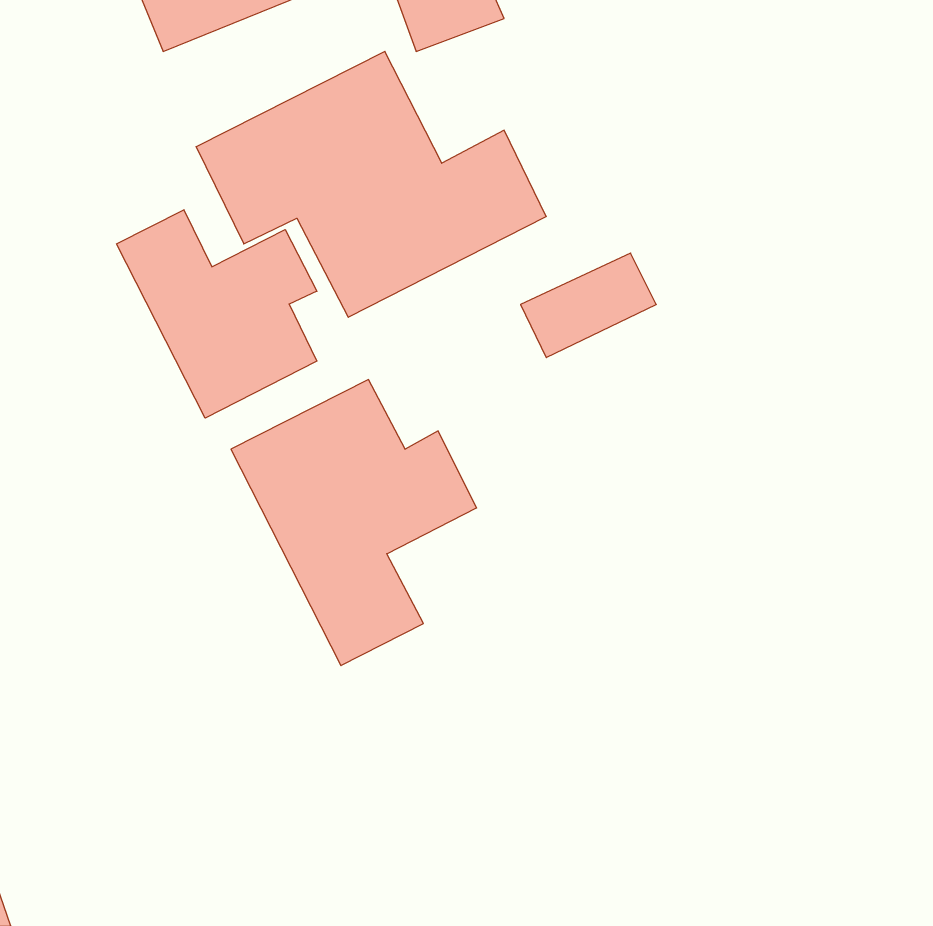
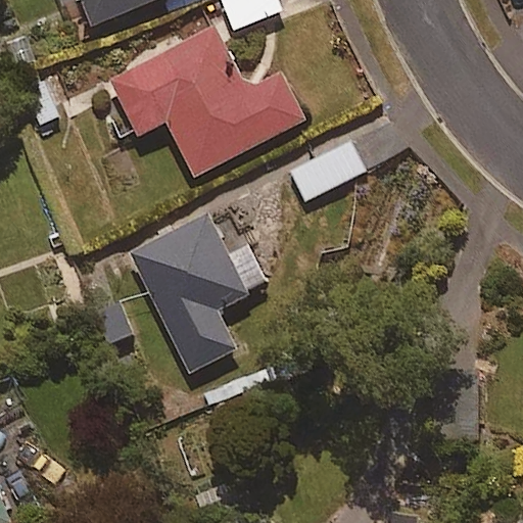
building: [117,210,317,418] -> none

